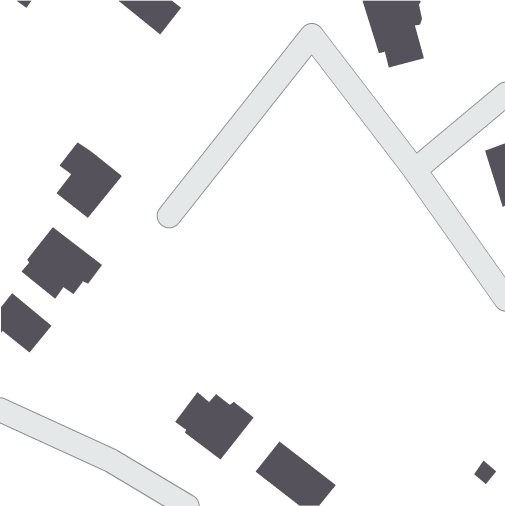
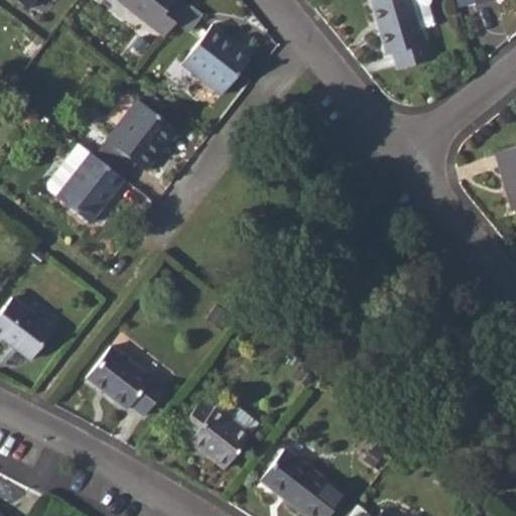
building: none -> [182,23,254,95]
building: none -> [95,100,179,178]
building: [21,226,103,300] -> none
building: none -> [88,347,166,416]

